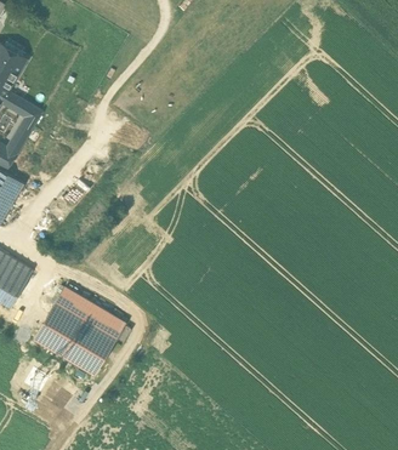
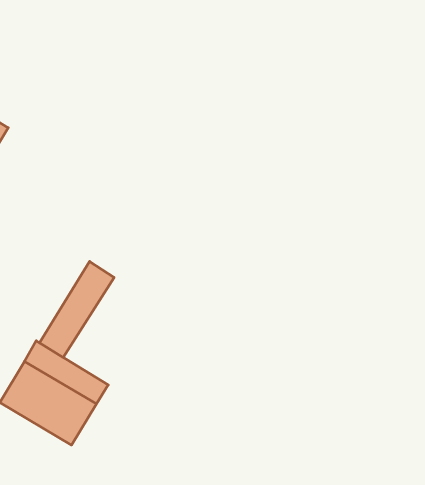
building: none -> [40,261,114,357]

